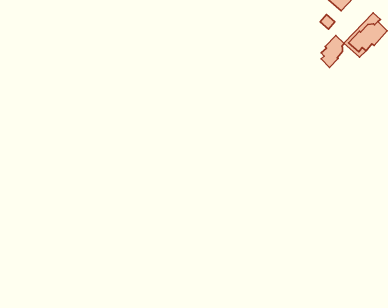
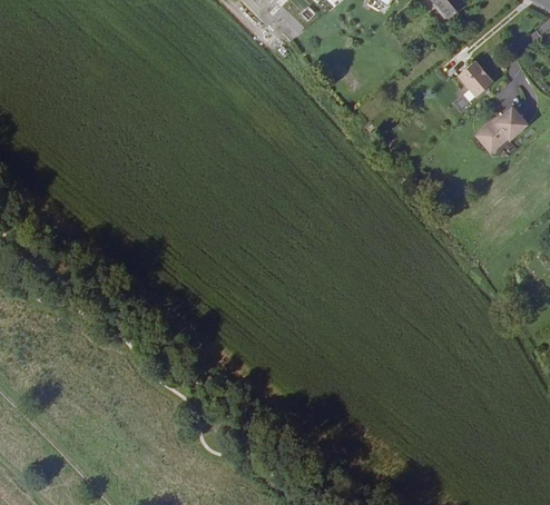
building: [321,36,344,67] -> none

